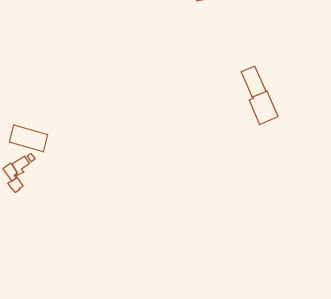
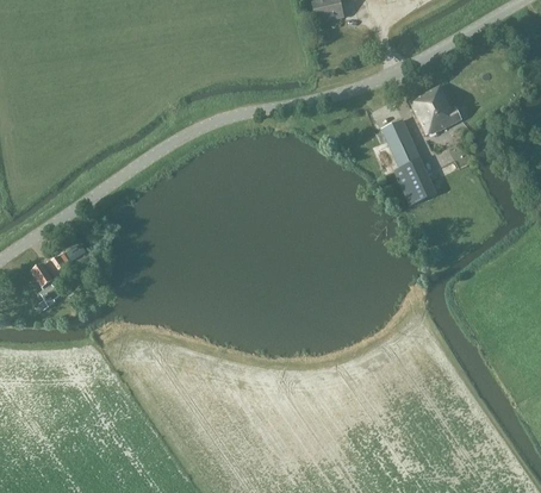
building: none -> [410,83,464,132]
building: [10,125,48,152] -> none

